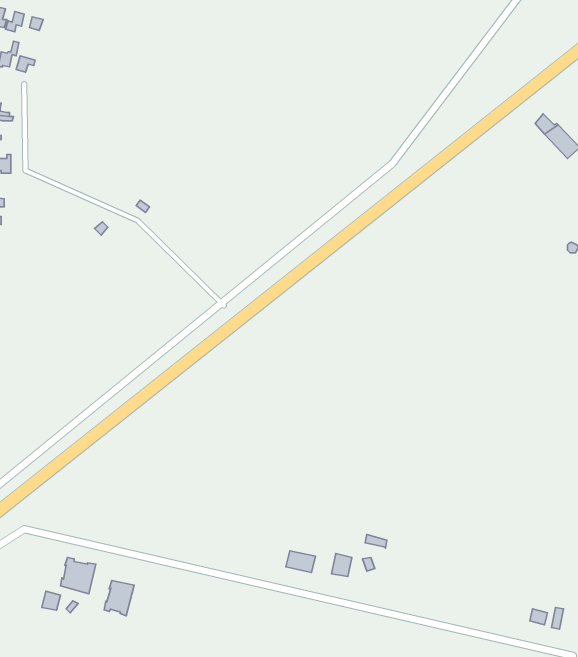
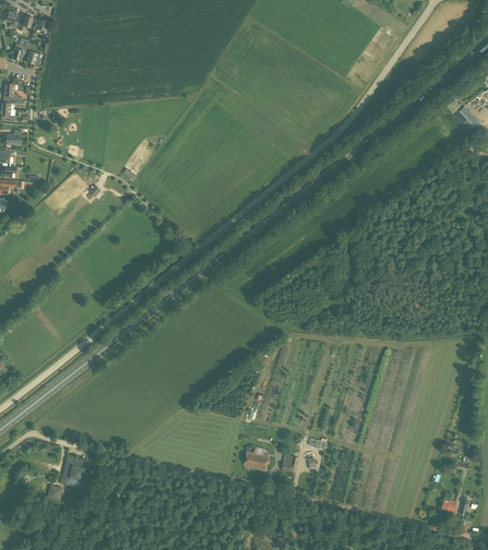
building: [104,581,134,616] -> none

